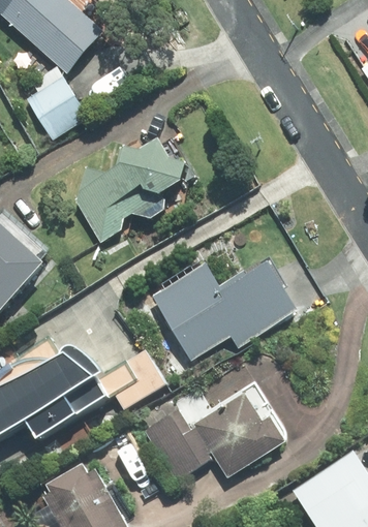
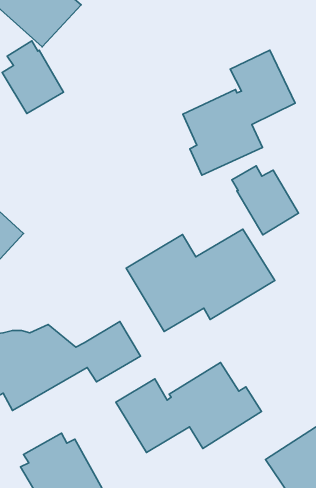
building: none -> [183,50,295,175]
building: [76,137,192,242] -> none
building: none -> [232,166,298,235]

